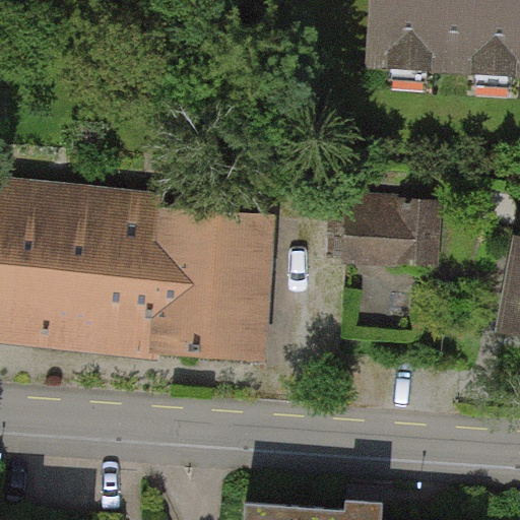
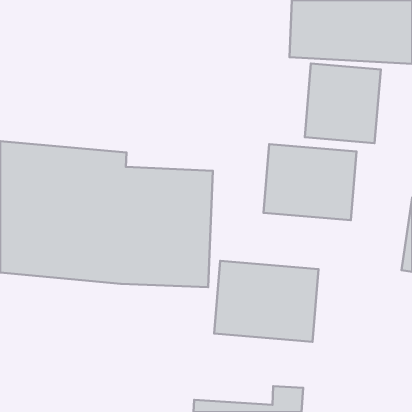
building: none -> [305,64,381,143]
building: none -> [214,261,319,342]

